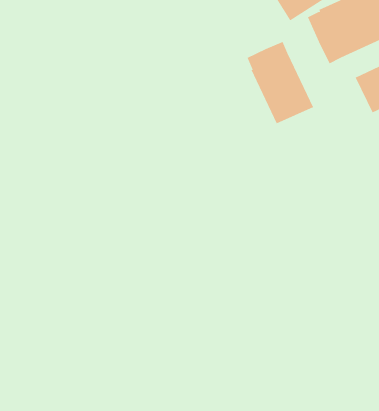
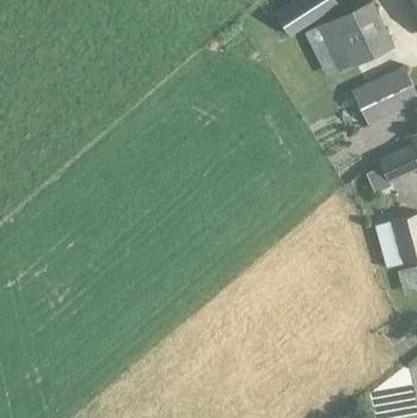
building: [247,41,314,124] -> none

